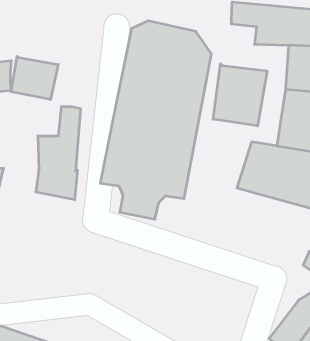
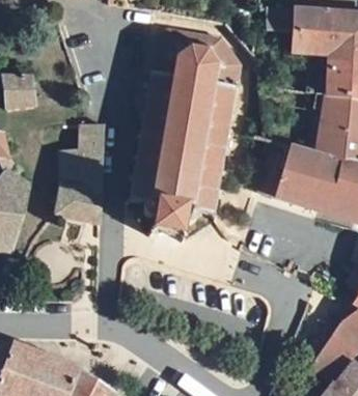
building: [11,56,58,100] -> none
building: [213,64,267,126] -> none

